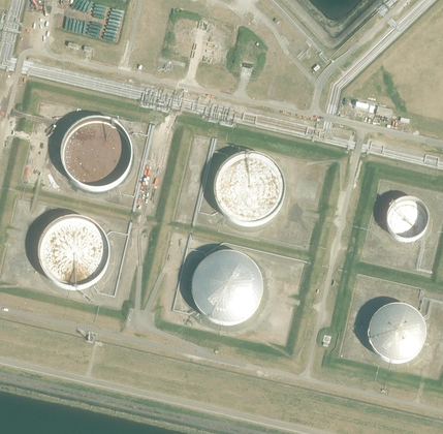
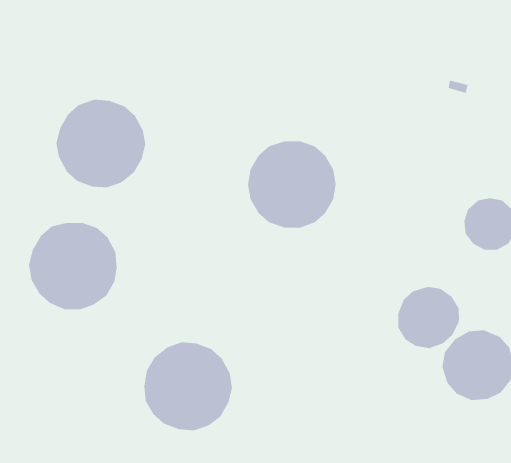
building: [191,250,262,321] -> [144,342,233,431]
building: none -> [397,286,460,349]

